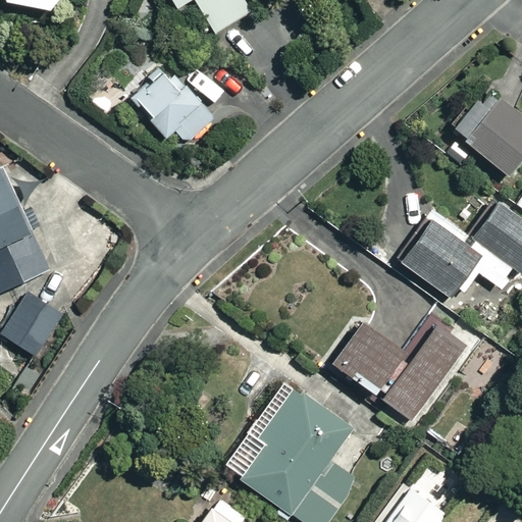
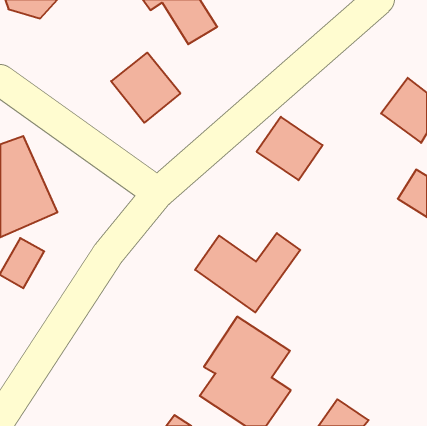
building: [402,221,482,299] -> [257,117,323,180]
building: [334,322,463,419] -> [195,233,300,312]

